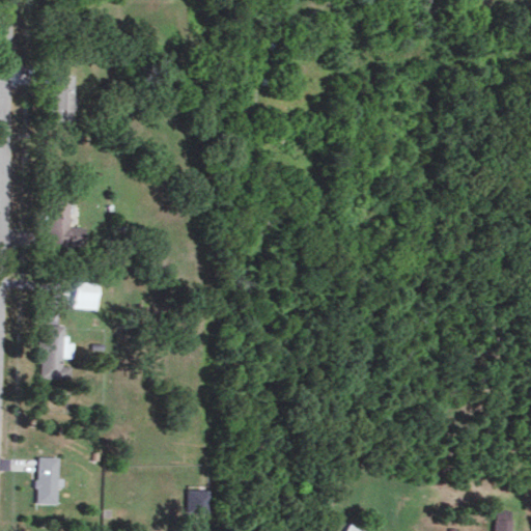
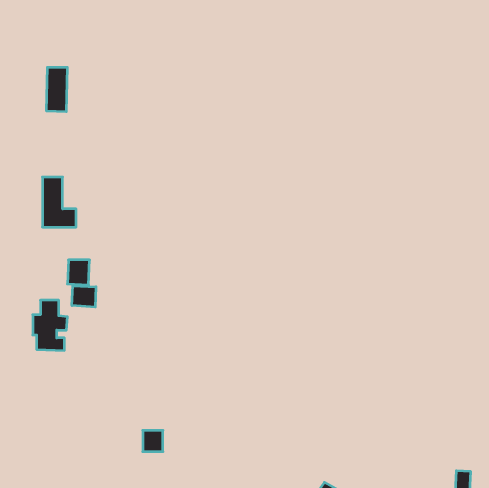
building: none -> [72,286,96,307]
building: [37,458,64,505] -> none
building: [189,492,211,514] -> [143,430,163,452]

